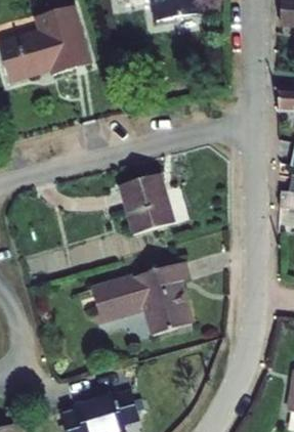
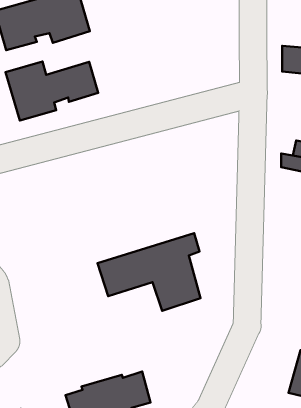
building: none -> [5,62,98,121]
building: [125,169,179,229] -> none

